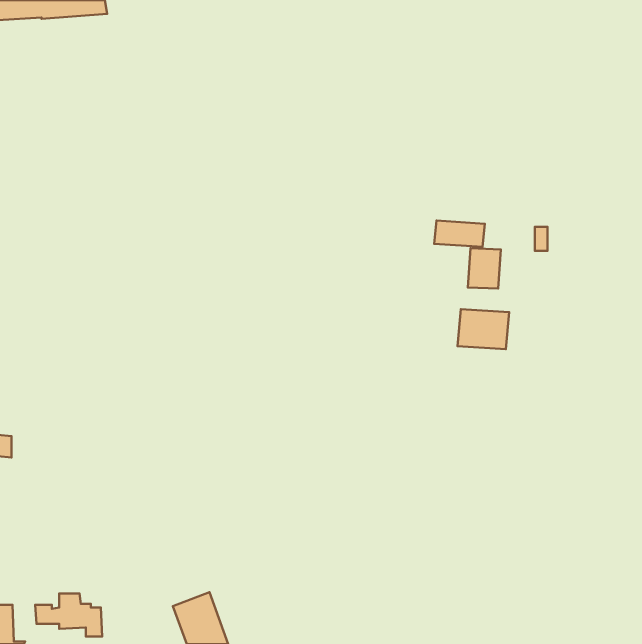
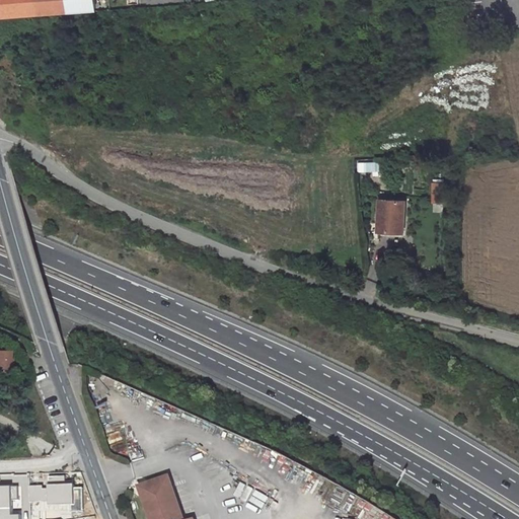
building: [434,221,485,247] -> none
building: [457,309,509,349] -> none

